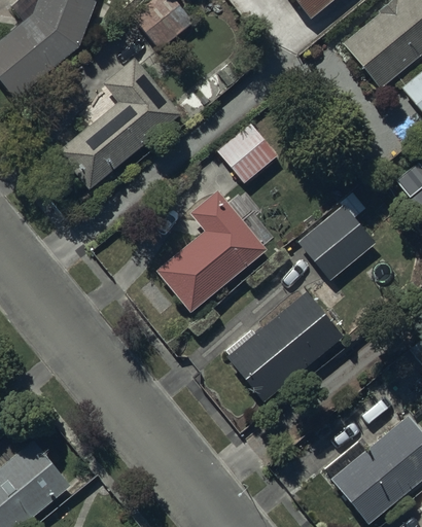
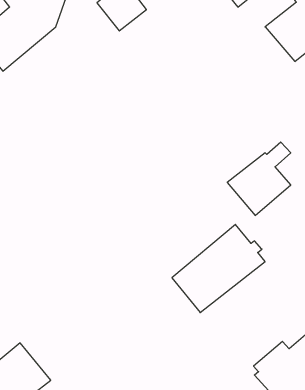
building: [58,58,181,189] -> none
building: [217,124,278,184] -> none
building: [157,192,266,312] -> none

